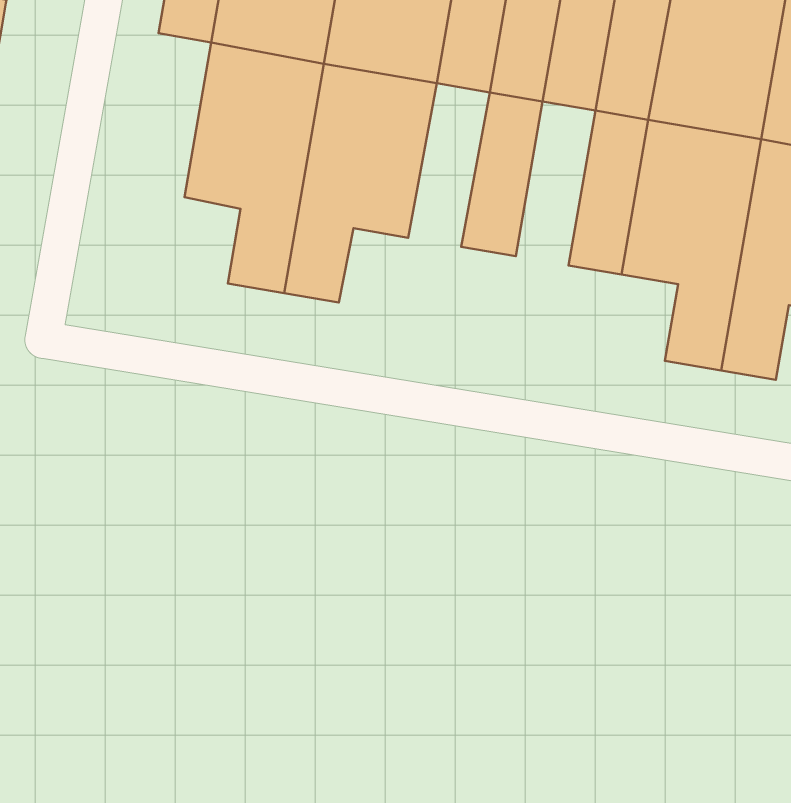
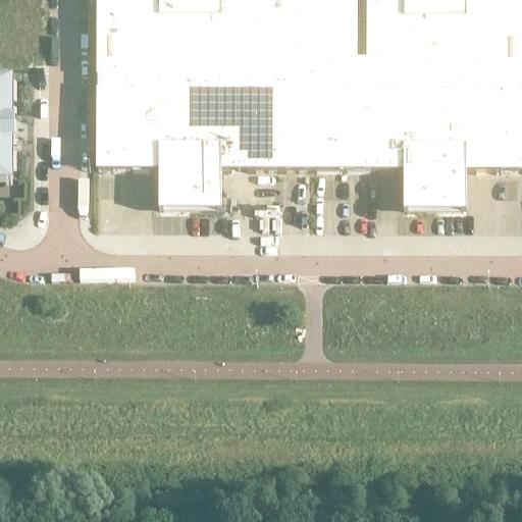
building: none -> [98,77,127,164]
building: none -> [253,79,283,165]
building: none -> [313,79,343,165]

